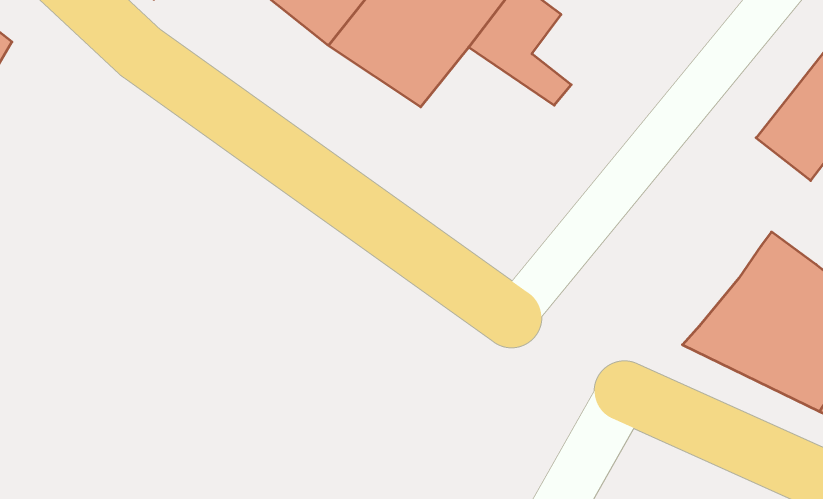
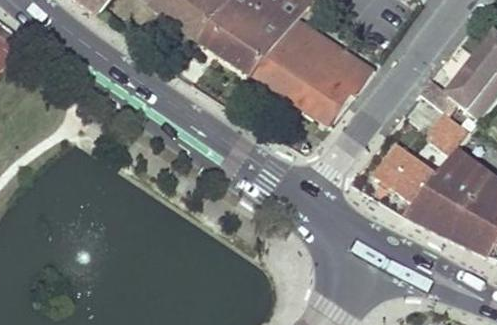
building: none -> [251,41,370,125]
building: none -> [430,115,469,157]
building: none -> [376,145,437,204]

